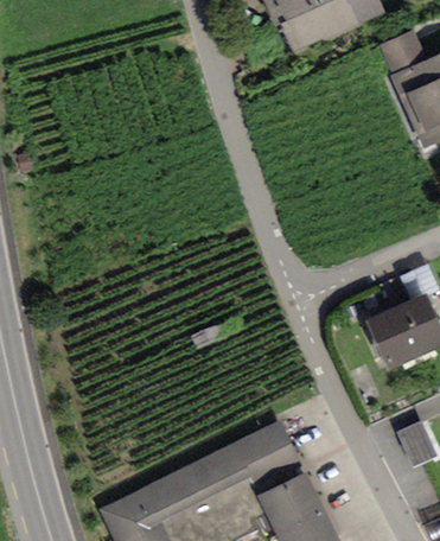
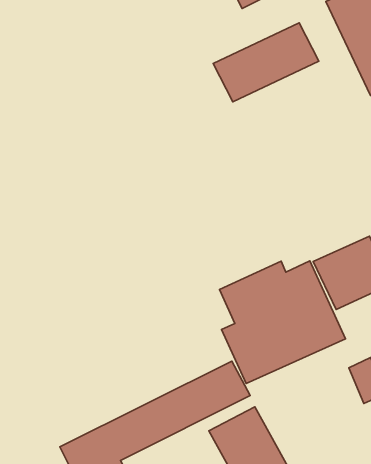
building: none -> [213,23,319,102]
building: none -> [219,261,346,384]

